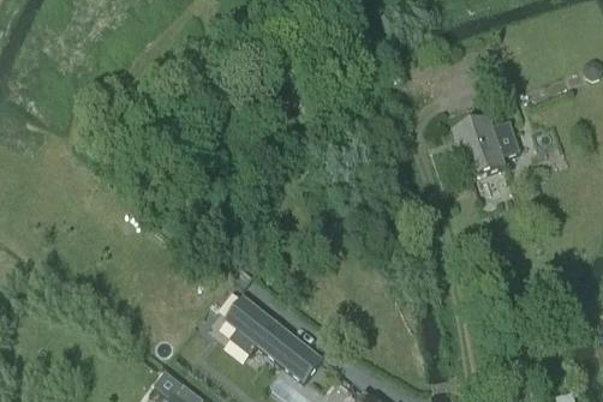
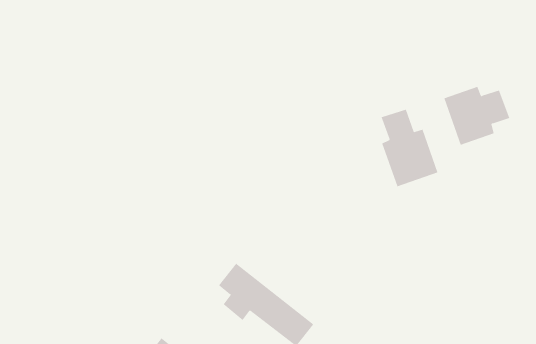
building: none -> [381,109,438,187]

